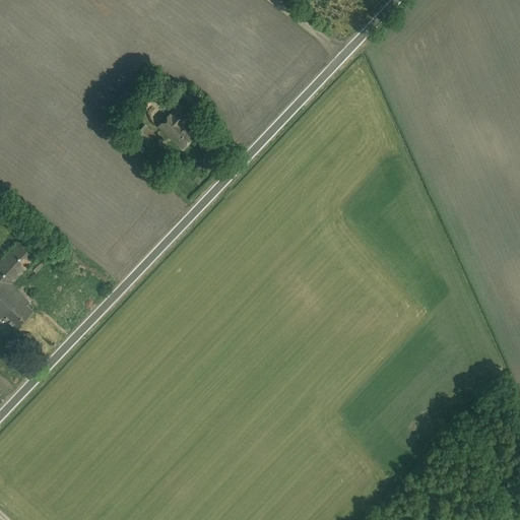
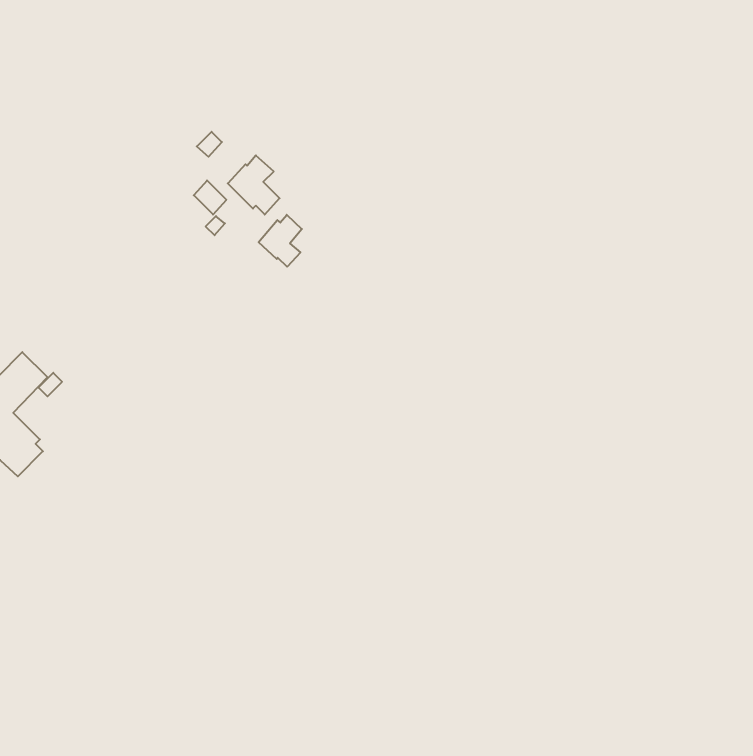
building: none -> [259,215,302,267]

